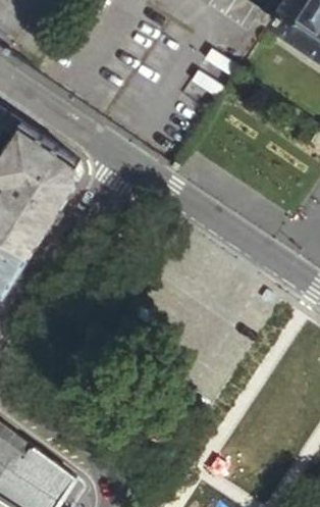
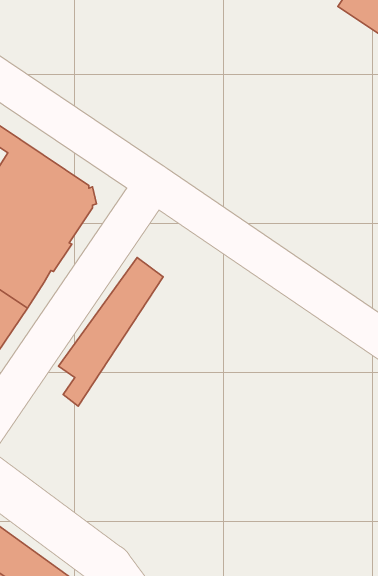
building: none -> [58,257,163,406]

